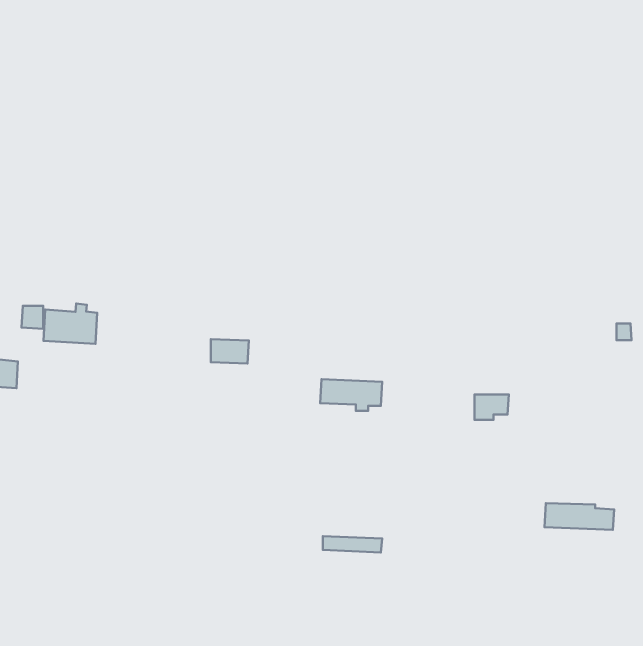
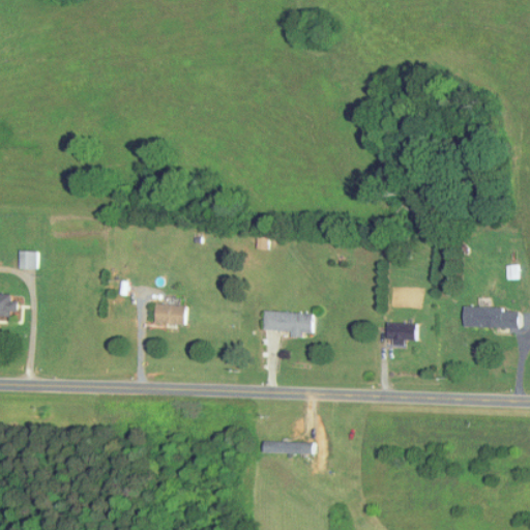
building: [43,304,97,344] -> none
building: [211,339,249,363] -> [154,304,185,324]
building: [545,503,614,530] -> [462,306,519,328]

